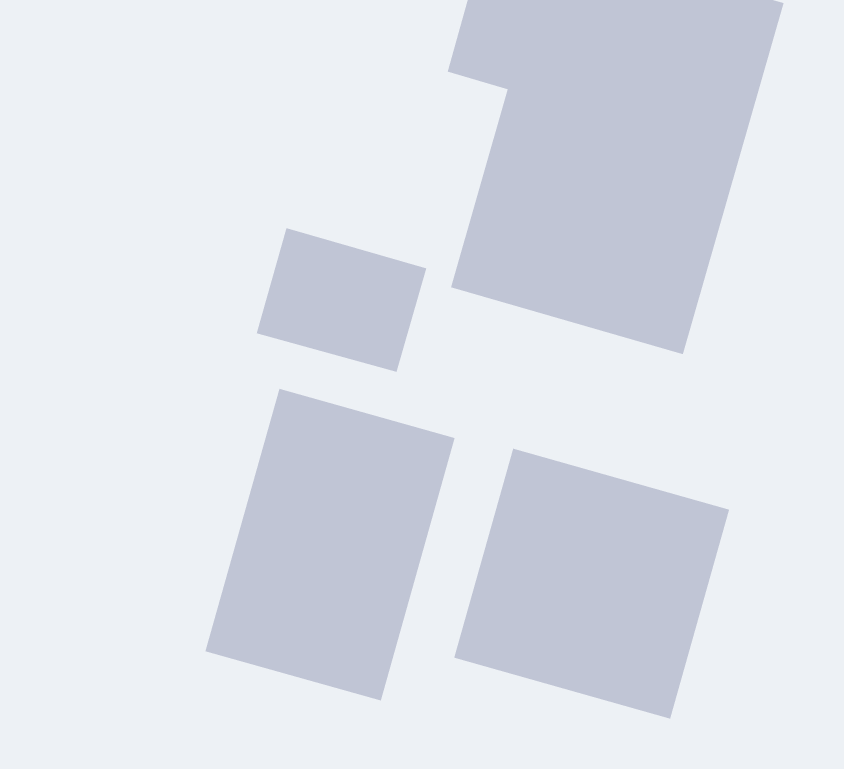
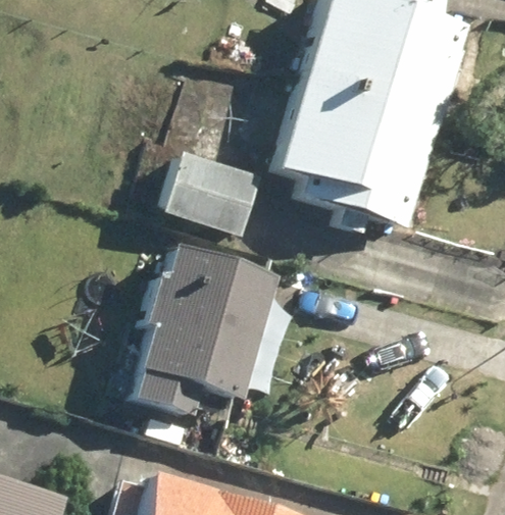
building: [454,448,730,720] -> none

